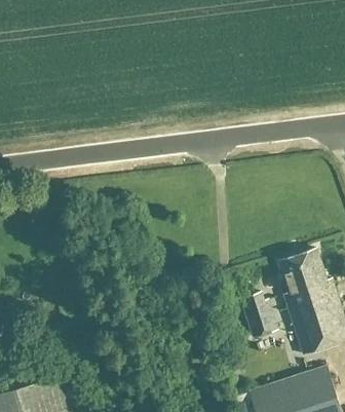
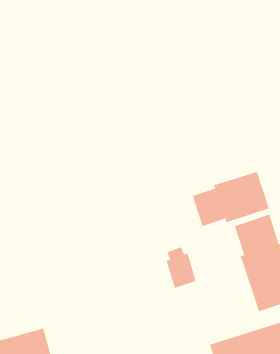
building: none -> [192,171,269,227]
building: [243,292,277,338] -> [166,247,197,289]

